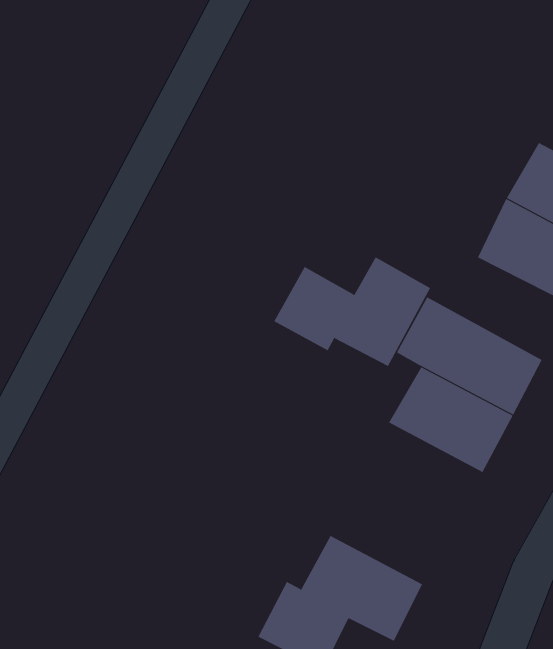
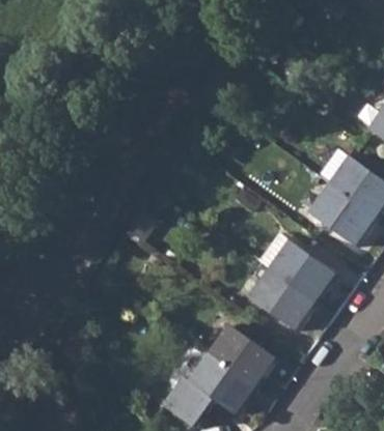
building: [274,257,431,367] -> none
building: none -> [209,324,276,386]

